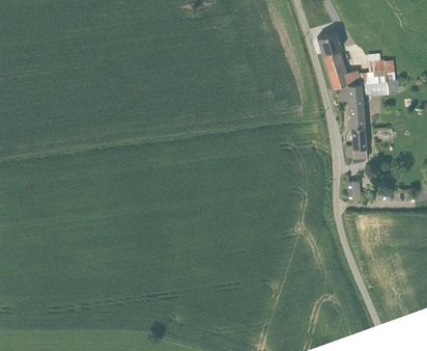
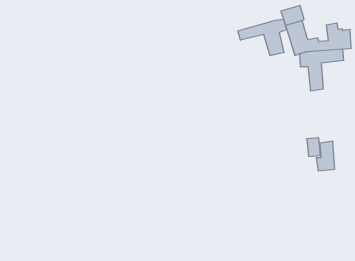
building: none -> [238,19,287,56]
building: [346,126,367,159] -> [316,141,335,171]

